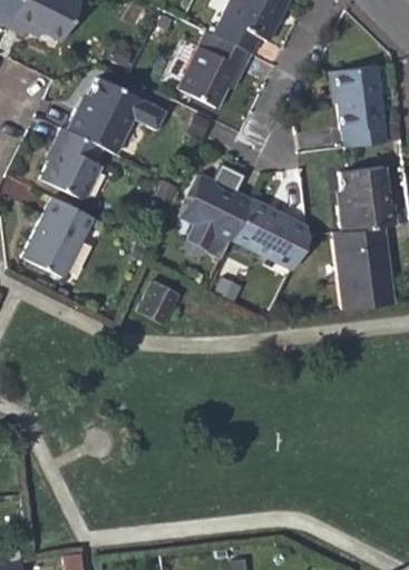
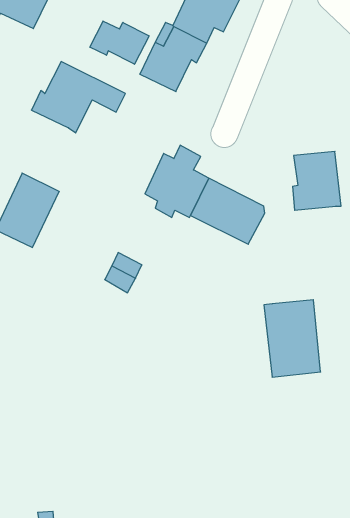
building: none -> [90,21,149,64]
building: [338,71,389,150] -> none
building: [40,126,100,197] -> none
building: [335,229,397,313] -> [264,300,321,377]

